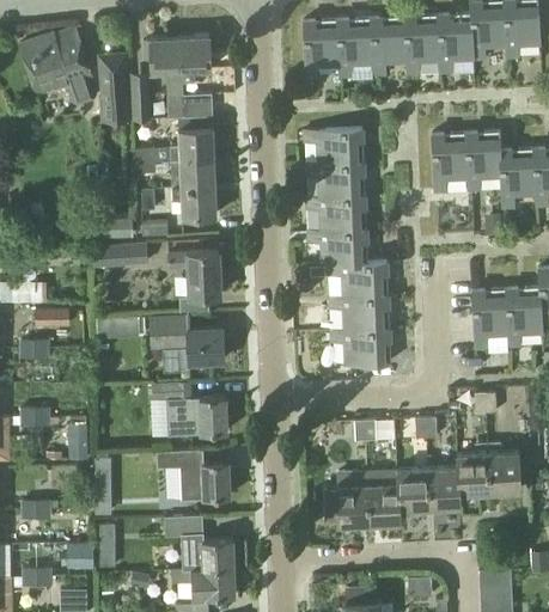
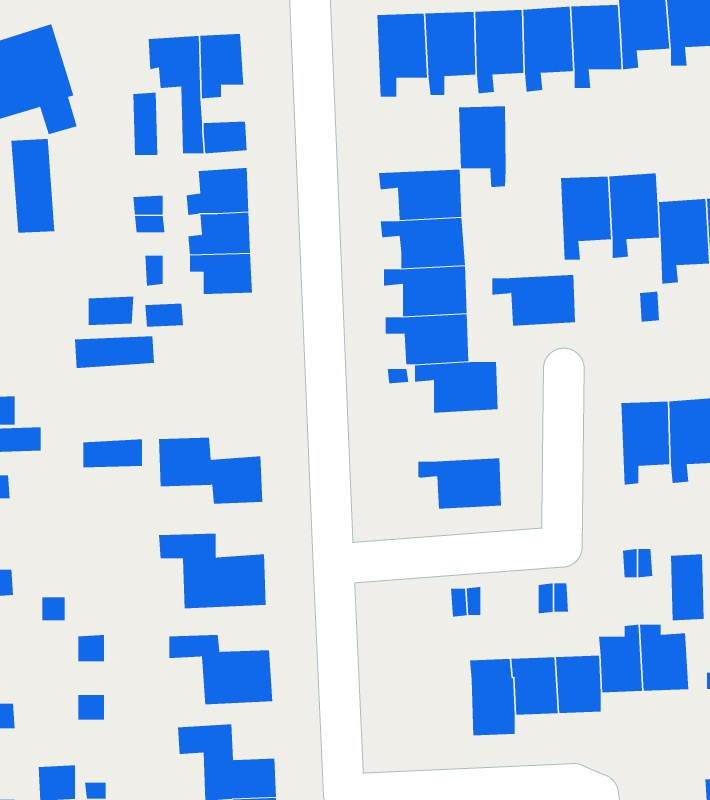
building: [99,56,130,122] -> [11,139,55,233]
building: none -> [458,105,506,188]
building: [167,251,220,296] -> none
building: [330,296,389,332] -> [492,275,576,326]
building: [325,484,370,525] -> none

